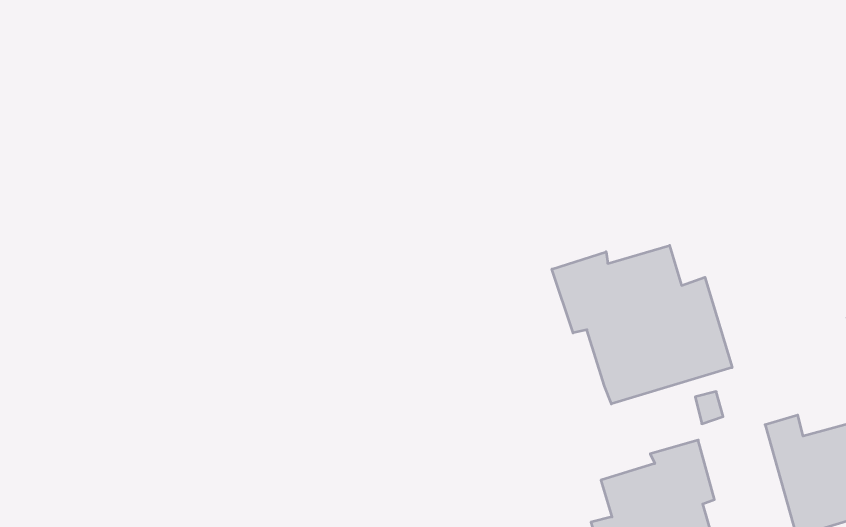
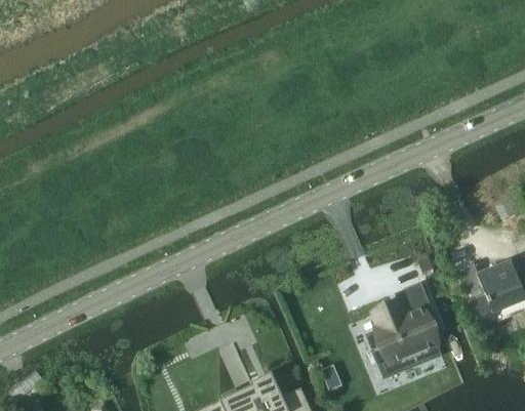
building: [552,245,732,404] -> none

